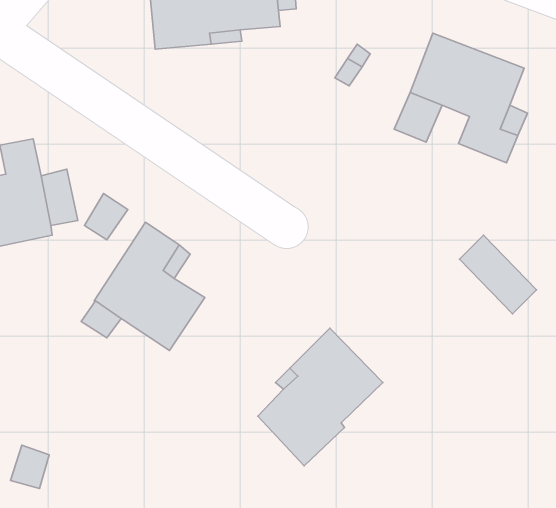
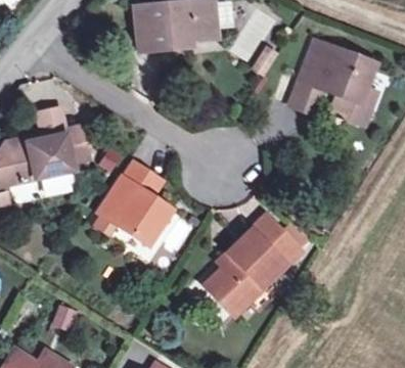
building: [459,235,537,314] -> [251,215,300,265]

